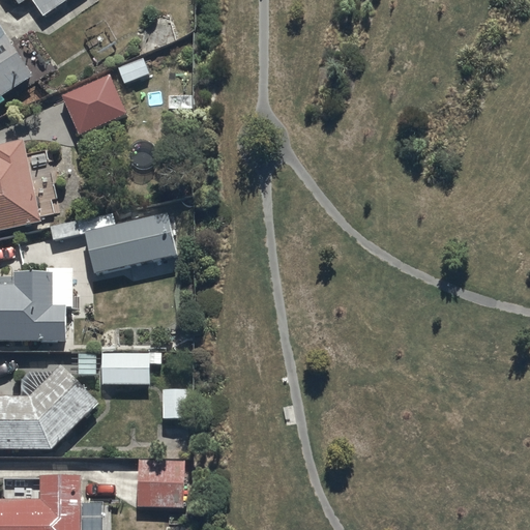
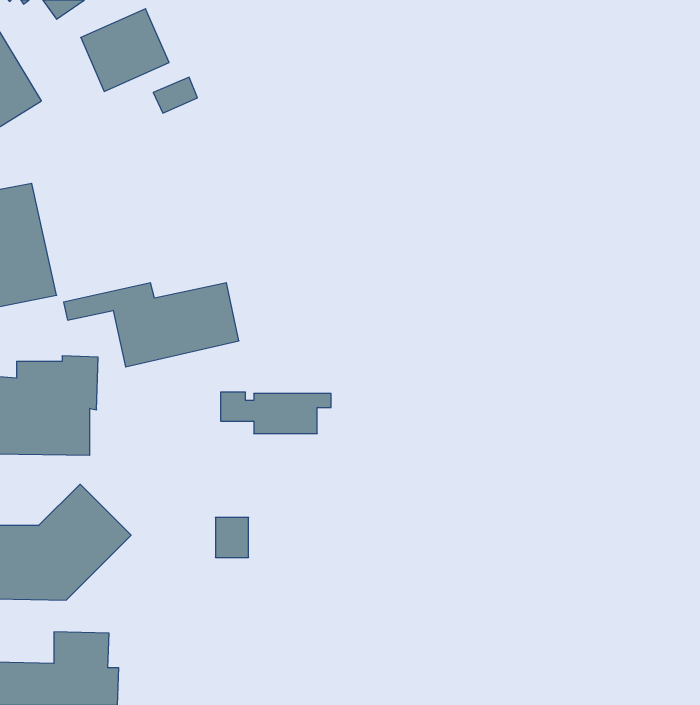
building: [60,72,126,135] -> [81,9,169,91]
building: [77,352,159,383] -> [221,392,331,434]
building: [136,460,183,508] -> none

